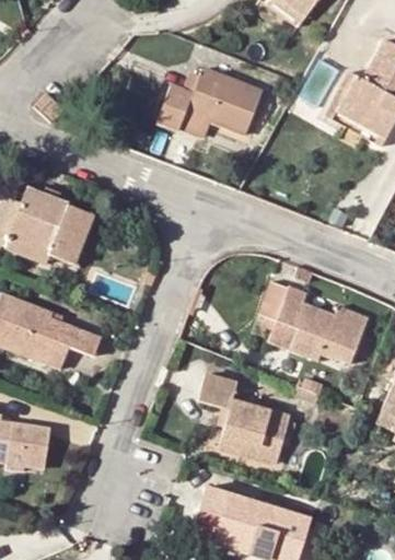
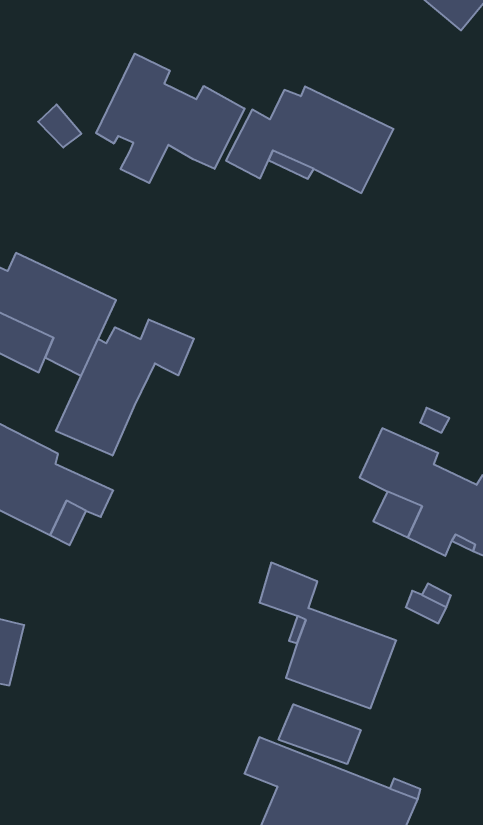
building: none -> [96,54,245,183]
building: none -> [56,319,194,456]
building: none -> [279,704,361,764]

